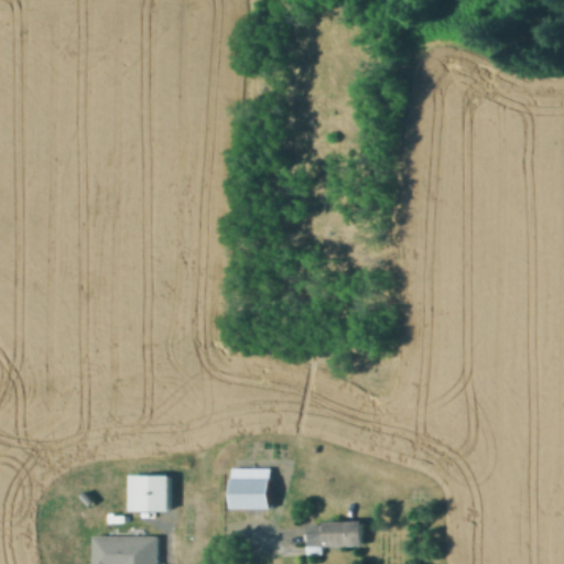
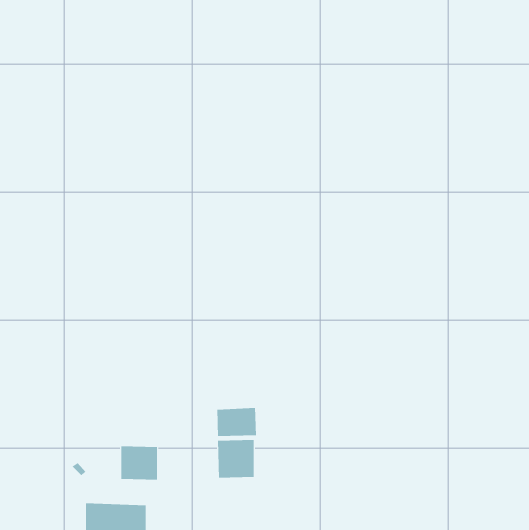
building: none -> [217,407,256,437]
building: [307,525,365,557] -> none

